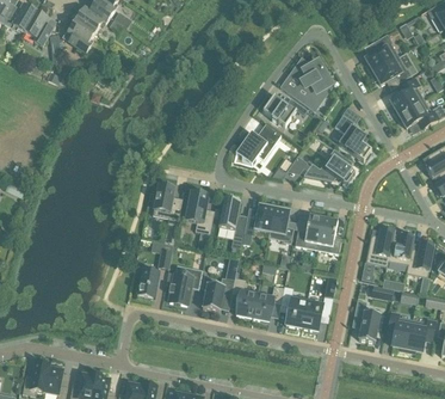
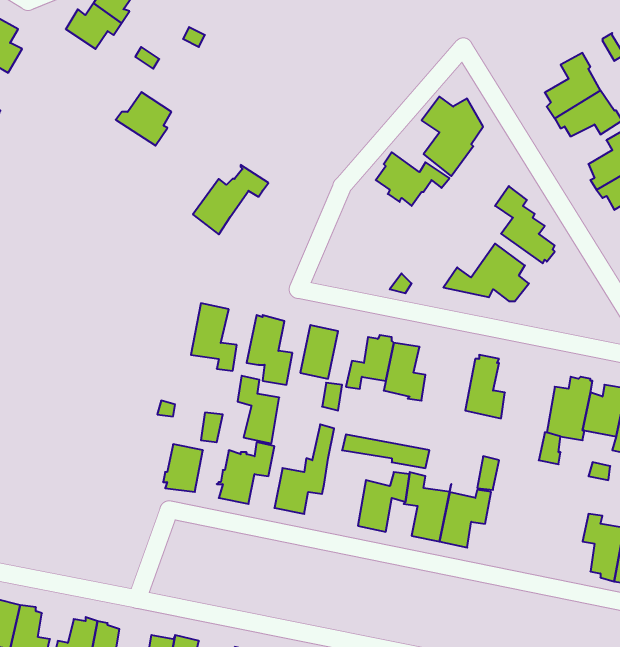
building: [62,19,95,51] -> [116,92,171,146]
building: [236,123,282,165] -> [193,165,268,234]
building: [295,214,323,248] -> none
building: [233,277,258,318] -> [238,376,279,443]
building: [353,299,381,342] -> none

